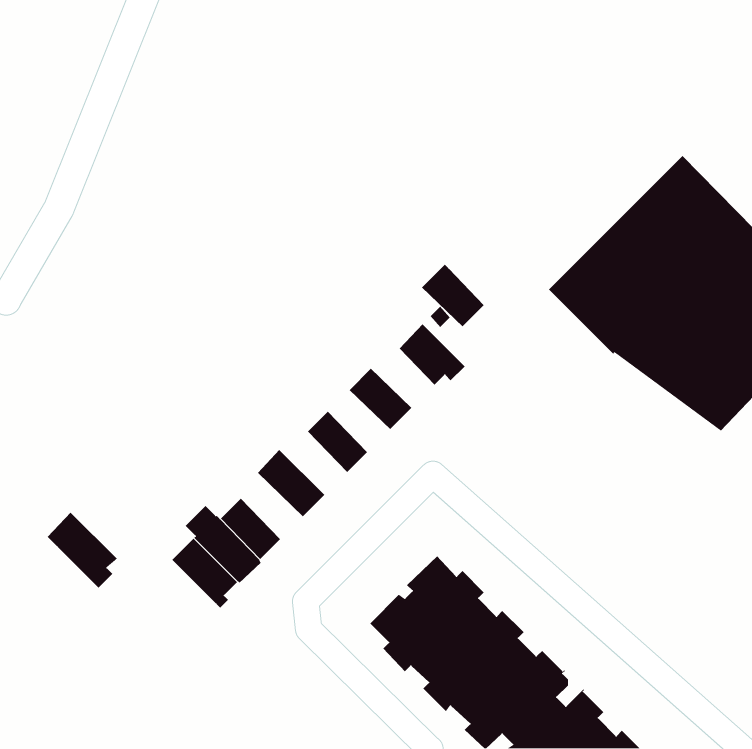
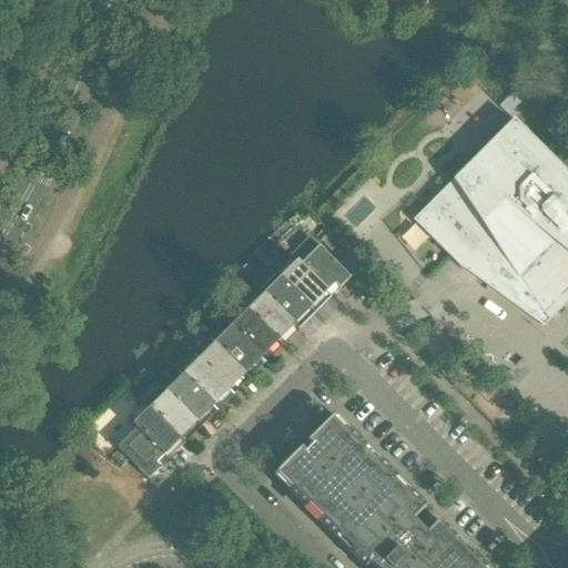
building: [421,264,485,327] -> [281,258,328,306]
building: none -> [248,293,295,339]
building: none -> [211,320,263,372]
building: none -> [180,355,230,405]
building: [47,512,118,589] -> [111,418,164,476]

